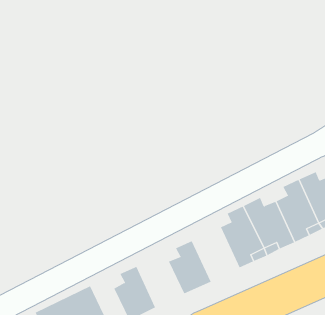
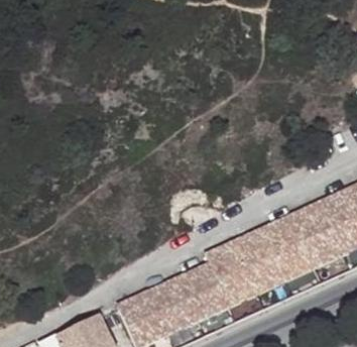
building: none -> [202,246,255,307]
building: none -> [147,282,197,334]

